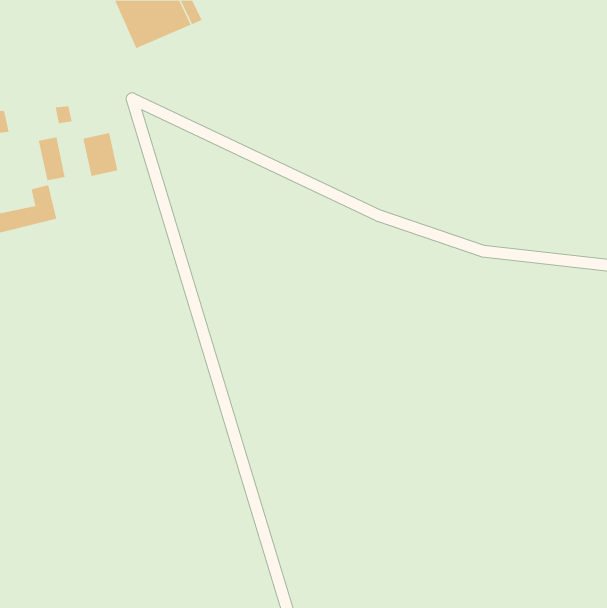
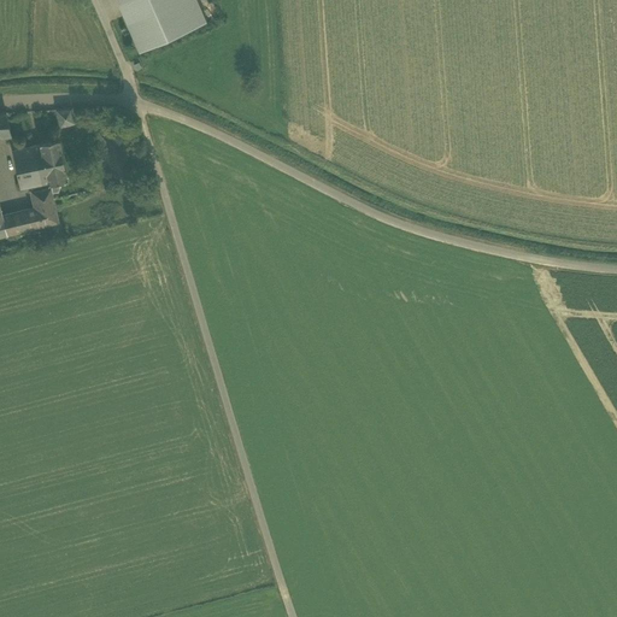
building: [83,133,118,177] -> [11,143,47,188]

